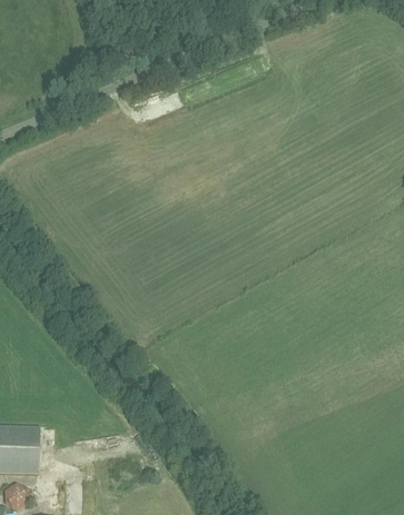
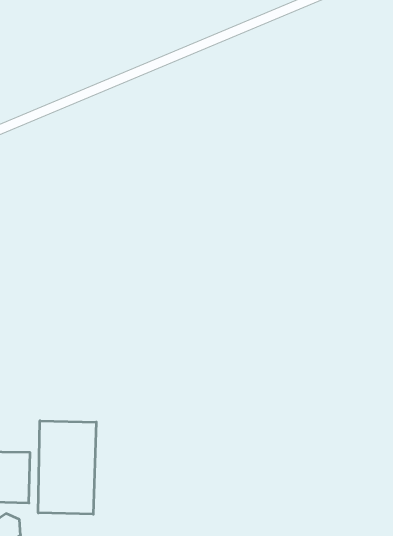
building: none -> [38,421,96,514]

